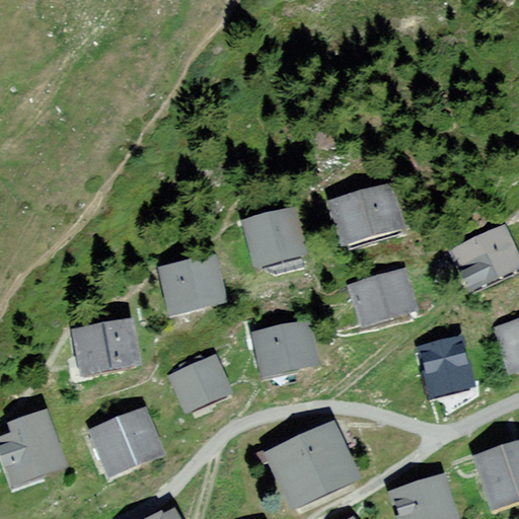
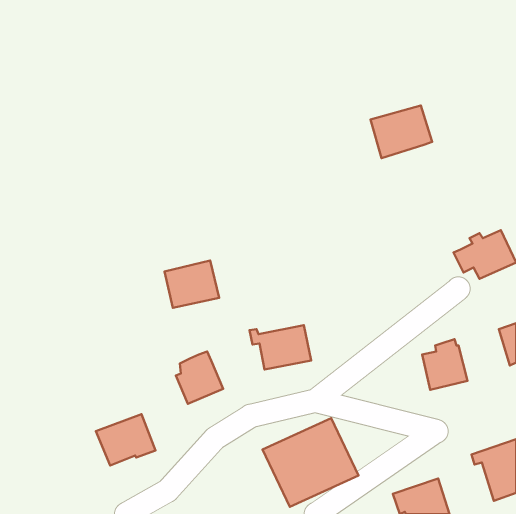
building: [336,190,397,242] -> [370,106,432,158]
building: [248,214,300,262] -> none
building: [355,273,411,320] -> none
building: [78,325,135,369] -> none
building: [4,416,59,479] -> none

